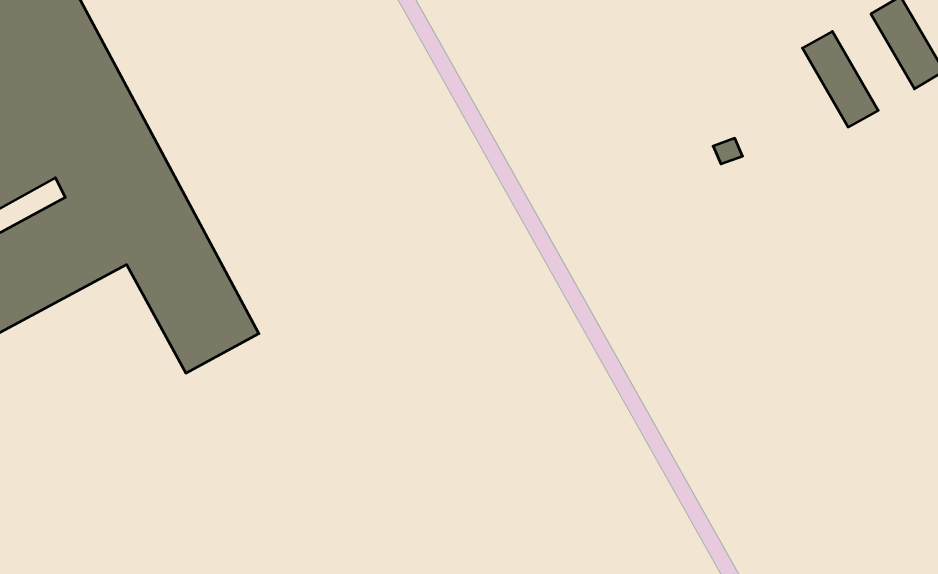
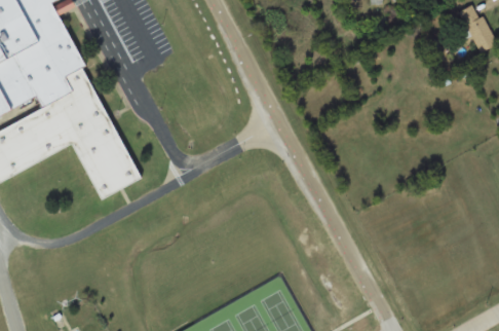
building: [802,31,878,127] -> none

